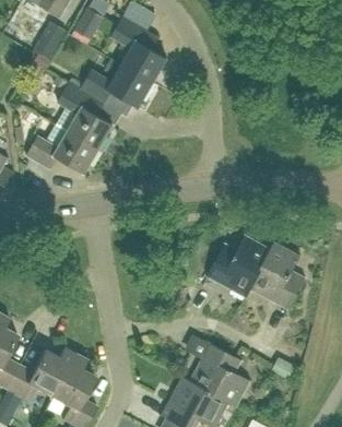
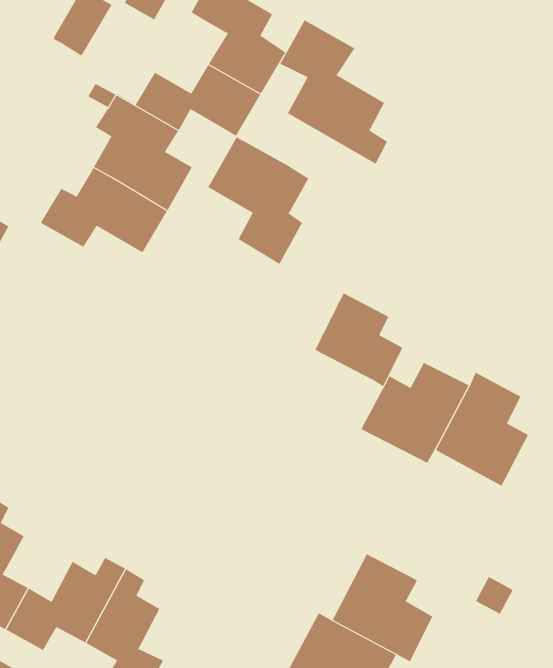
building: none -> [280,20,388,164]
building: none -> [208,137,309,265]
building: none -> [314,292,403,387]

